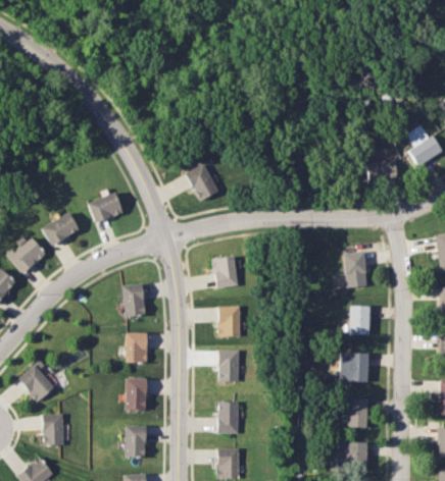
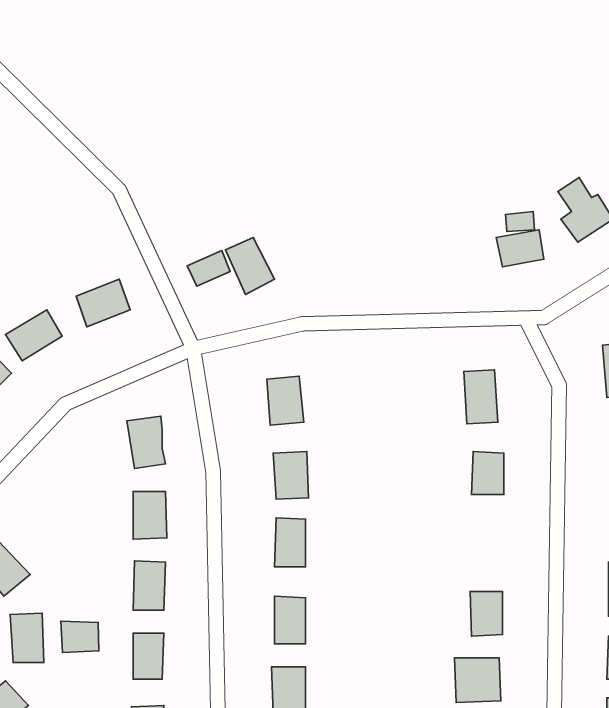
building: none -> [187,250,230,286]
building: [340,353,369,382] -> none
building: none -> [61,621,99,653]

